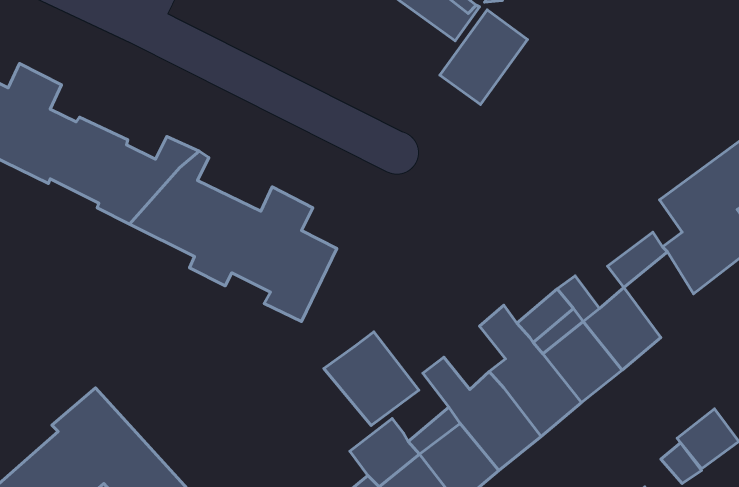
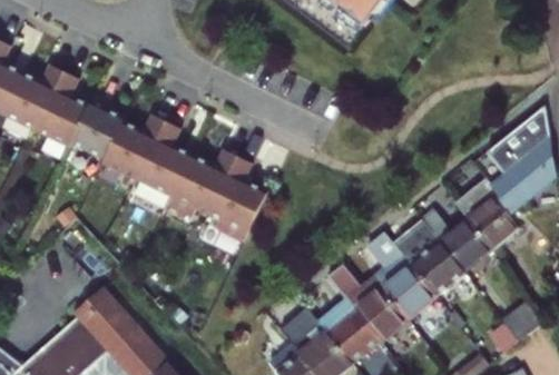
building: [440,10,528,105] -> none
building: none -> [464,193,518,251]
building: [324,332,419,426] -> none

